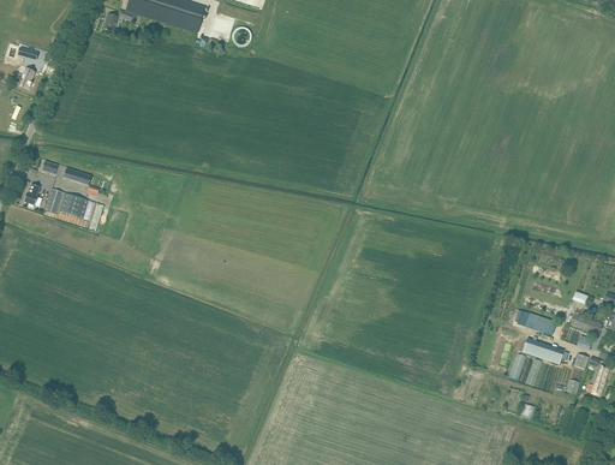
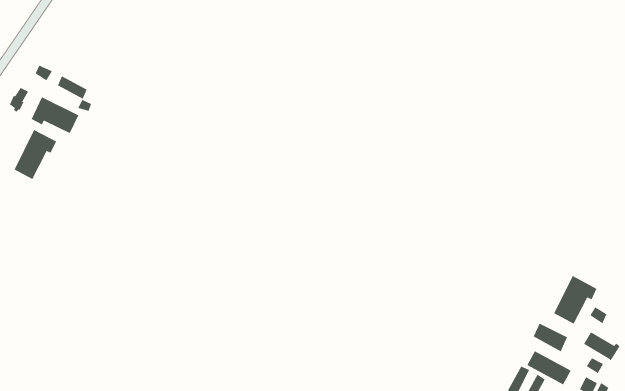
building: none -> [14,129,57,180]
building: none -> [553,275,597,324]

